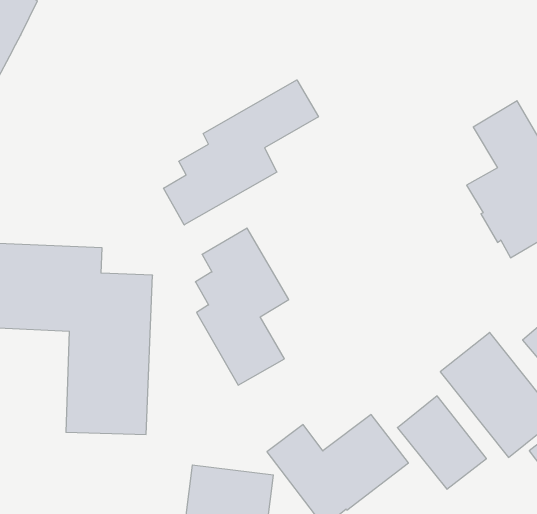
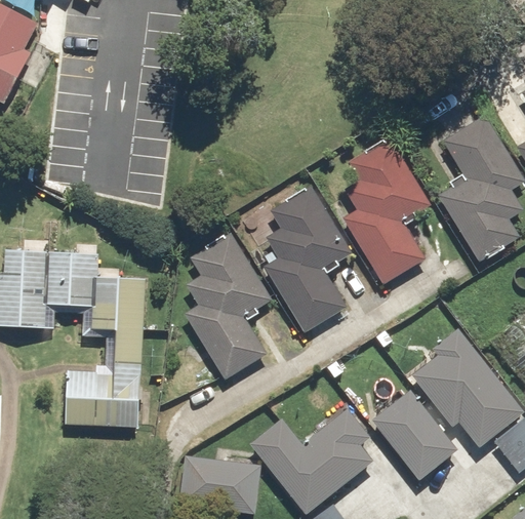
building: [164,80,318,225] -> none
building: none -> [346,139,433,286]
building: none -> [264,188,352,334]

